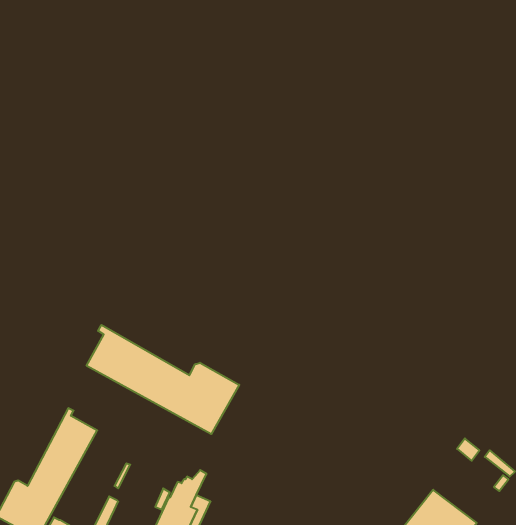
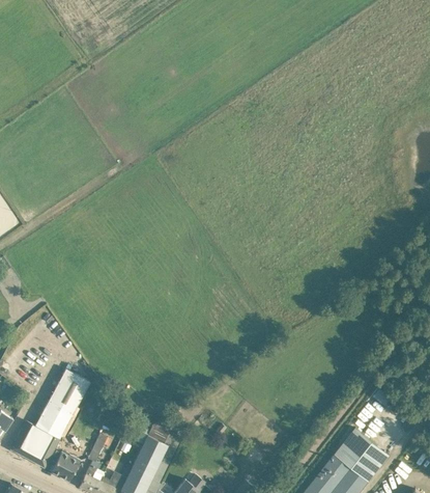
building: [87,325,239,434] -> none

